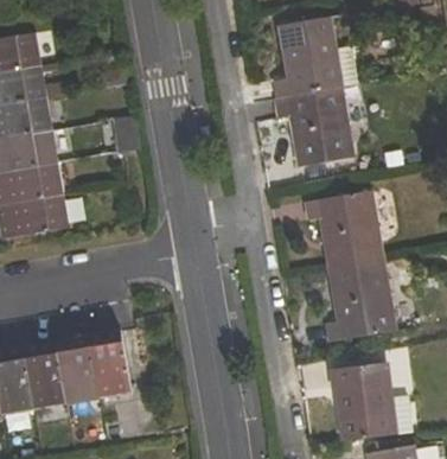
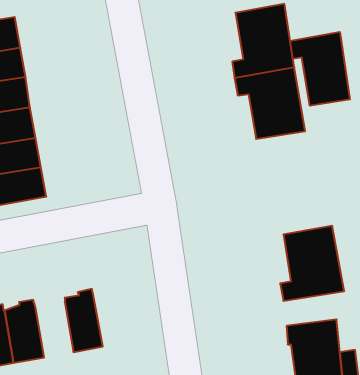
building: none -> [290,32,350,106]
building: [306,191,383,269] -> none
building: [58,334,101,403] -> none

